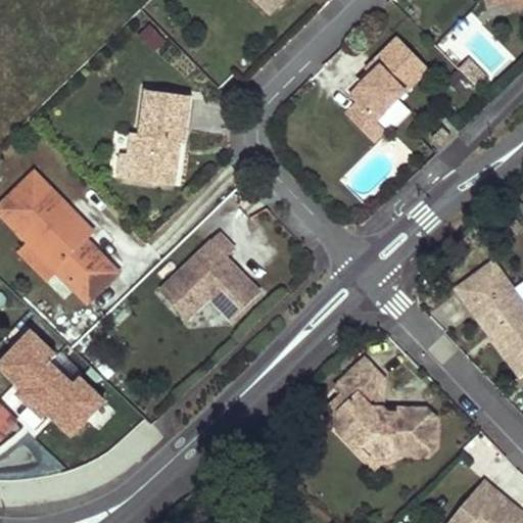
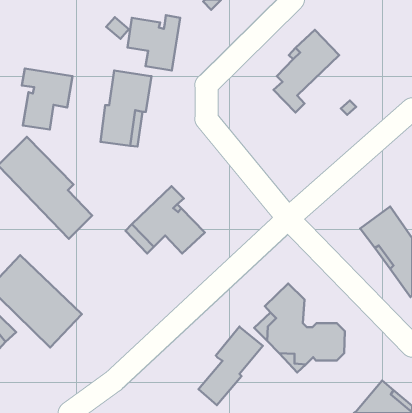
building: none -> [128,15,180,70]
building: none -> [22,69,72,129]
building: none -> [198,326,263,405]

